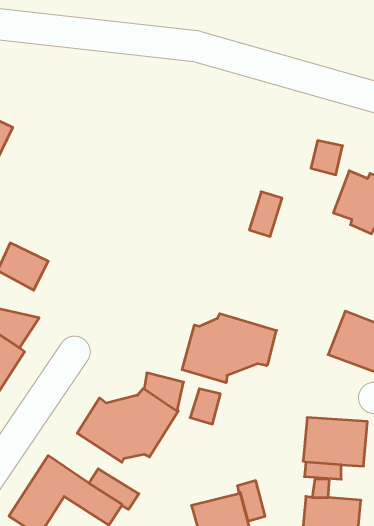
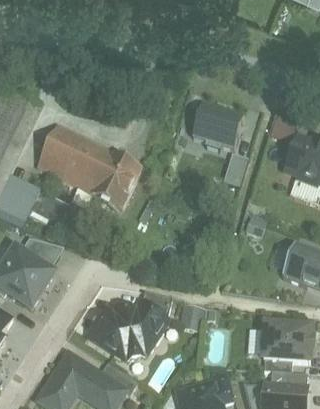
building: none -> [190,102,242,148]
building: none -> [36,123,140,207]
building: [182,314,277,383] -> none

